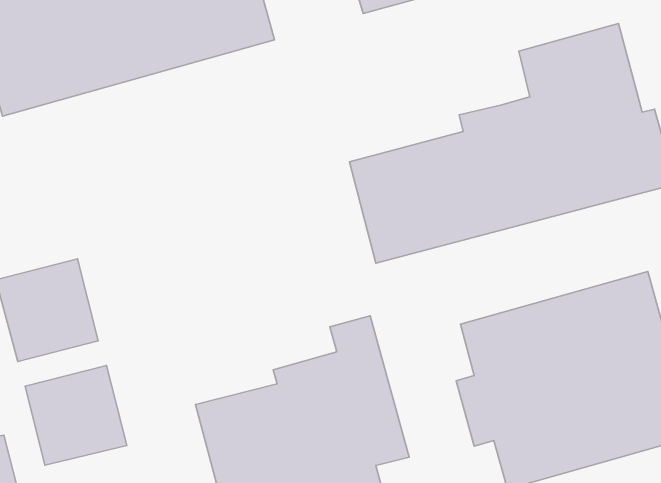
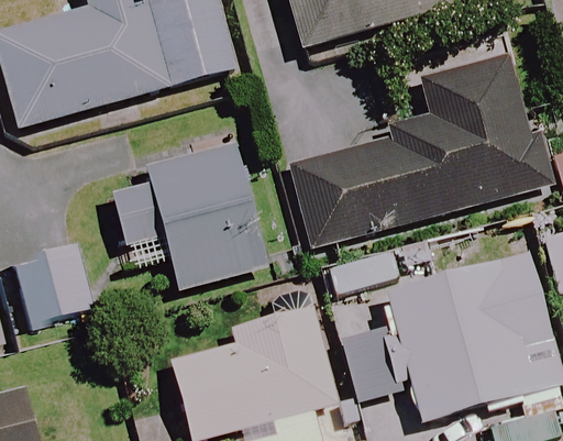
building: none -> [117,144,266,288]
building: [25,366,127,465] -> none

